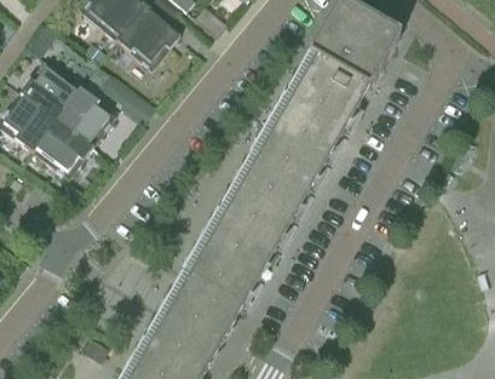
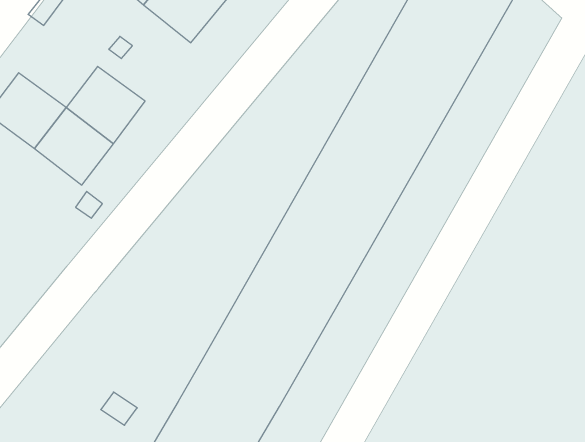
building: [18,59,79,119] -> none

